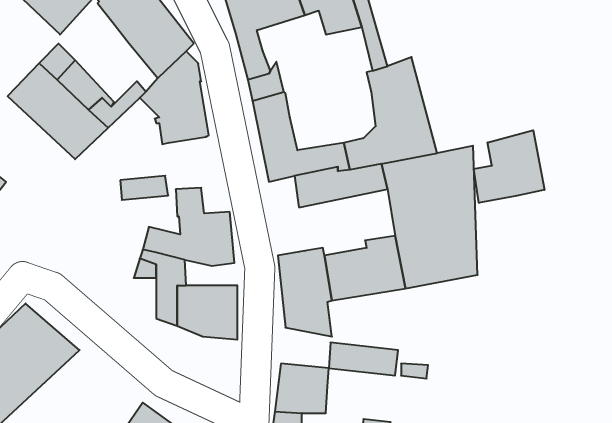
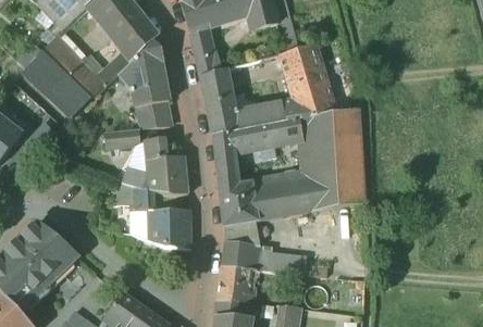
building: [474,130,544,203] -> none
building: none -> [139,101,171,128]
building: none -> [212,129,238,187]
building: none -> [221,239,258,268]

